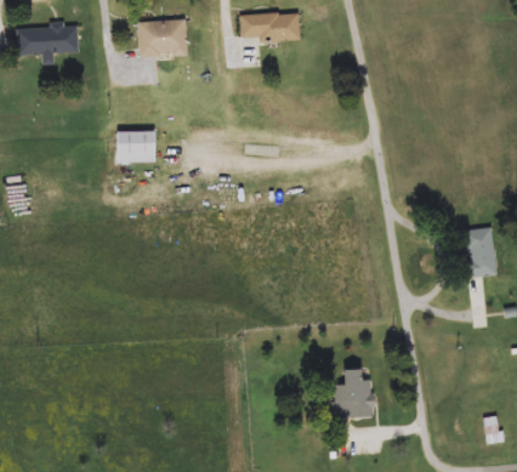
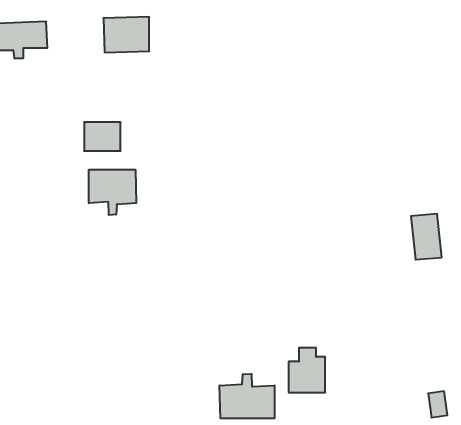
building: [239,13,299,40] -> none
building: none -> [89,170,136,215]
building: none -> [220,374,274,418]

